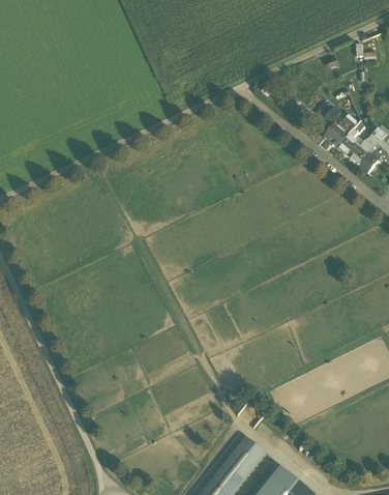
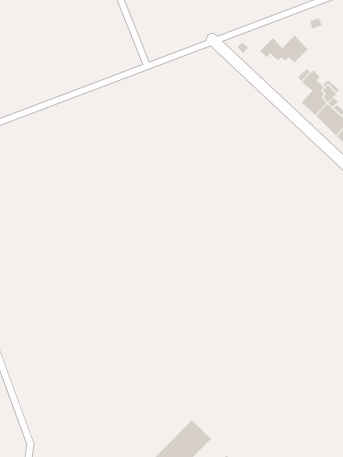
building: none -> [260,35,308,63]

